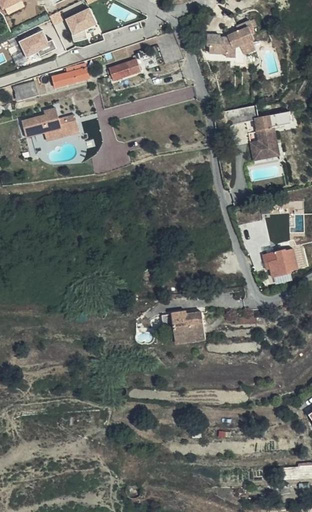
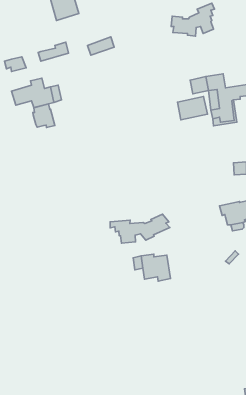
building: [18,28,50,56] -> none
building: none -> [178,97,208,120]
building: none -> [33,104,55,127]
building: none -> [110,214,170,243]

